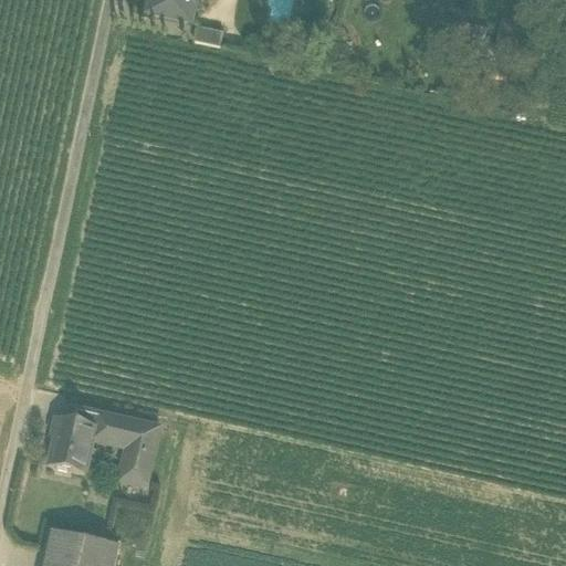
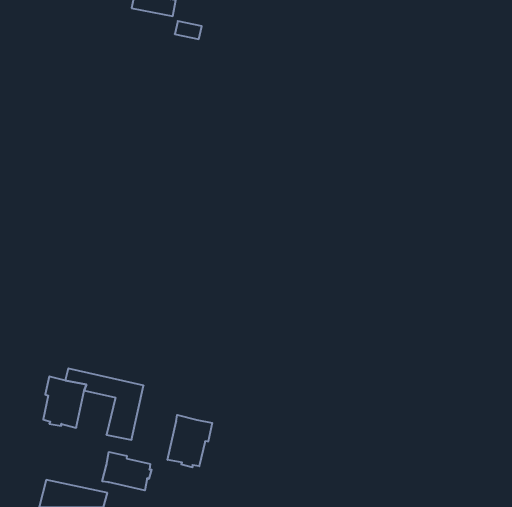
building: none -> [168,415,212,467]
building: none -> [102,452,152,490]

